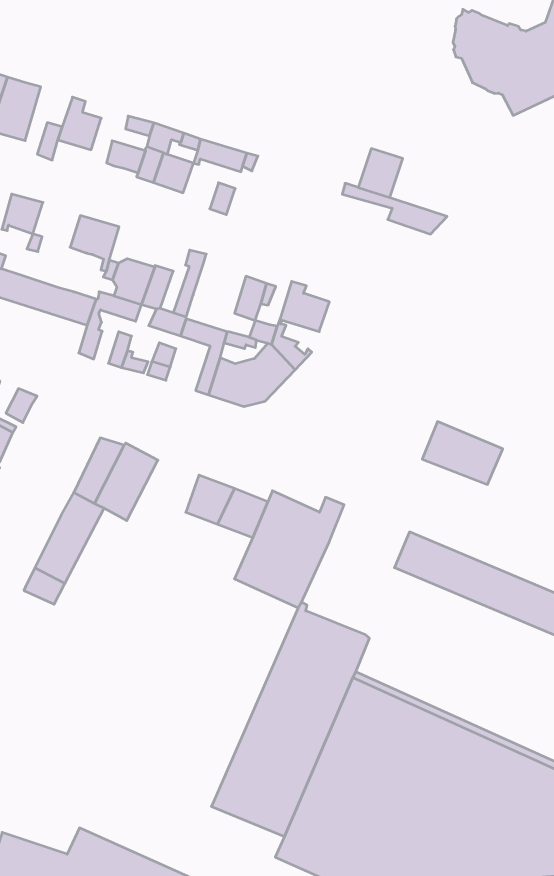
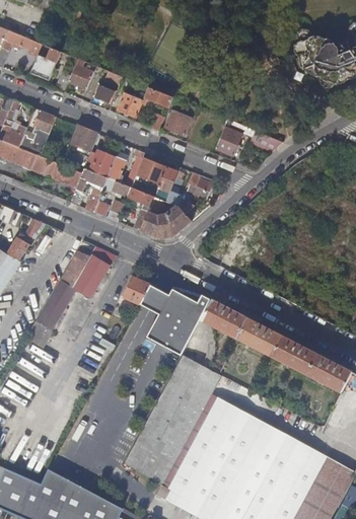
building: [358,149,403,198] -> [214,127,240,155]
building: none -> [164,109,191,135]
building: none -> [136,157,166,189]
building: [422,422,503,484] -> [201,299,246,337]

